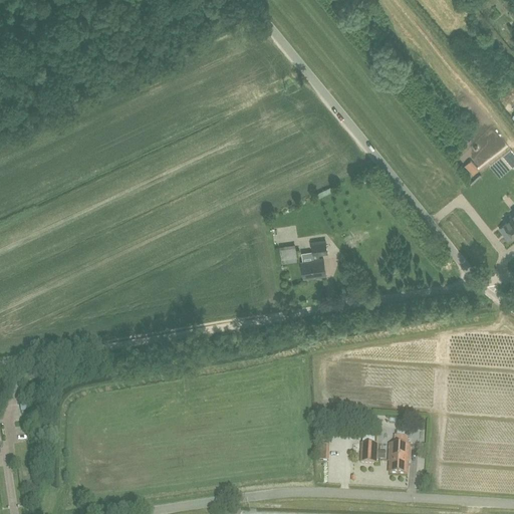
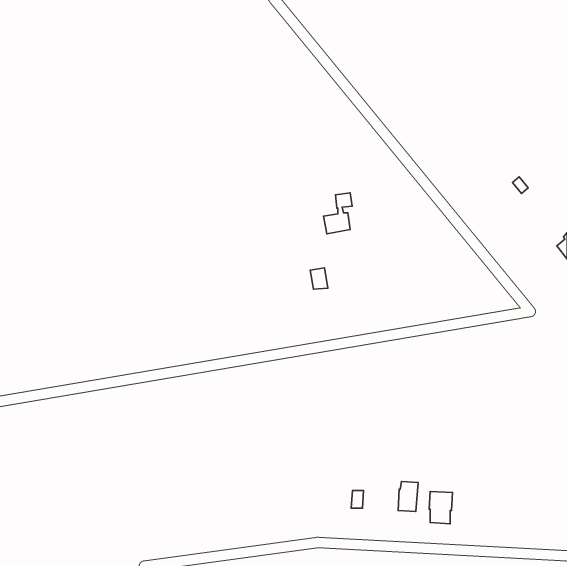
building: [300,239,326,276] -> [323,193,352,234]

